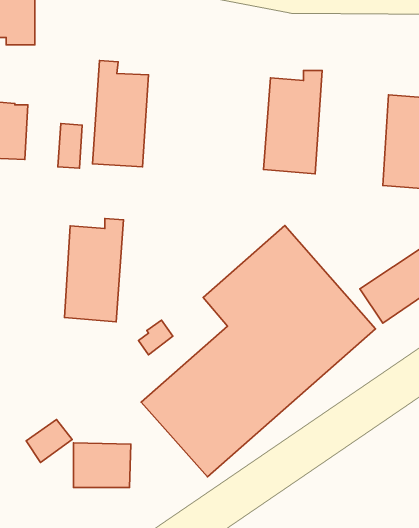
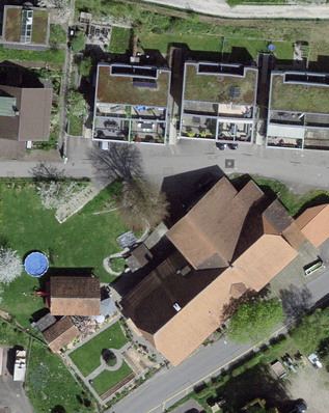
building: none -> [177,61,220,138]
building: none -> [268,74,305,149]
building: [64,219,123,322] -> [128,64,170,139]
building: [73,443,131,487] -> [55,280,97,312]

